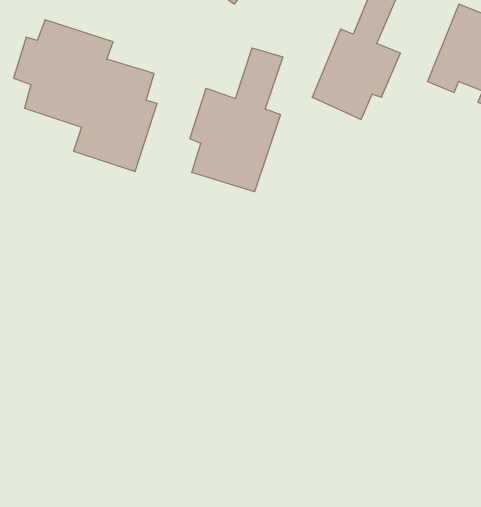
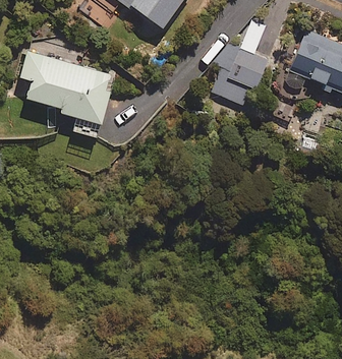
building: [190,48,283,192] -> none

